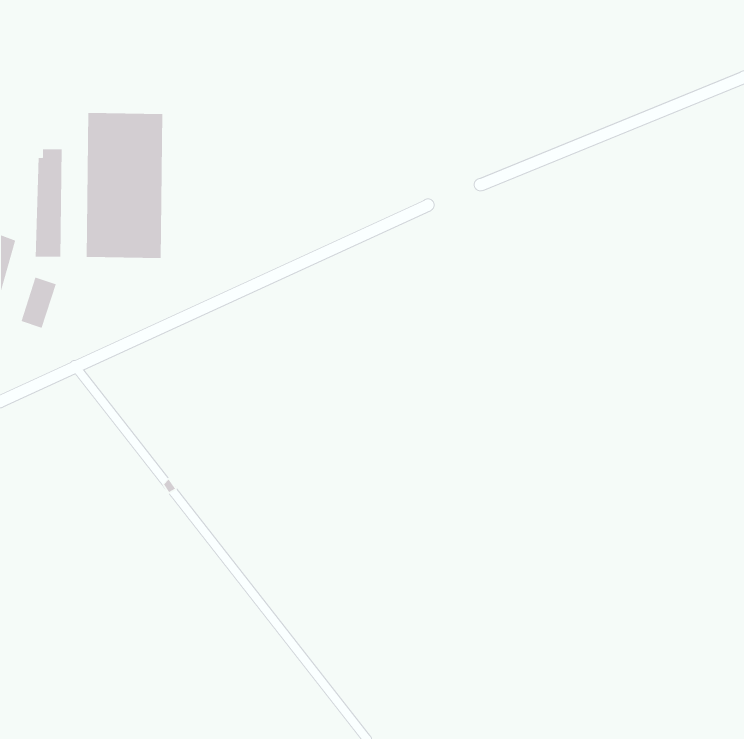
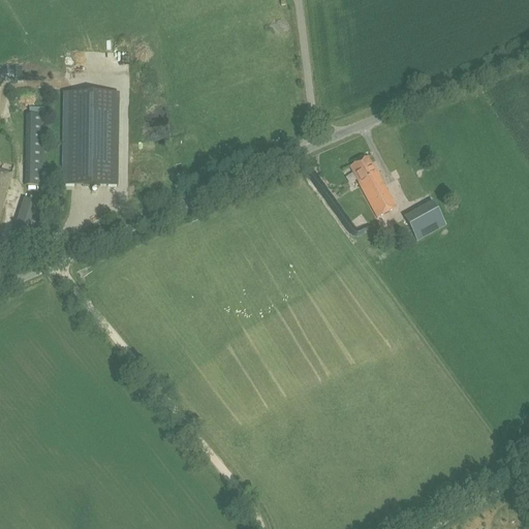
building: none -> [350,154,397,215]
building: none -> [404,199,446,240]

